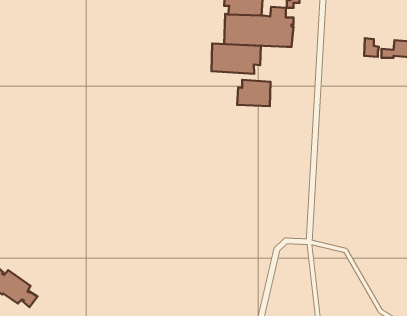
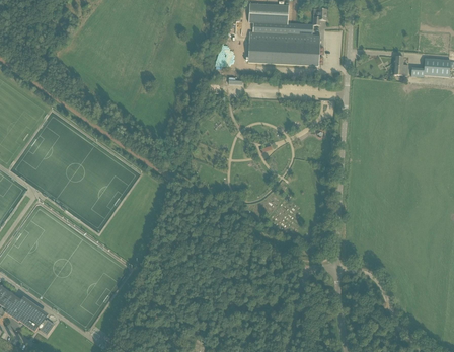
building: [212,43,261,74] -> none
building: [237,80,271,106] -> none

